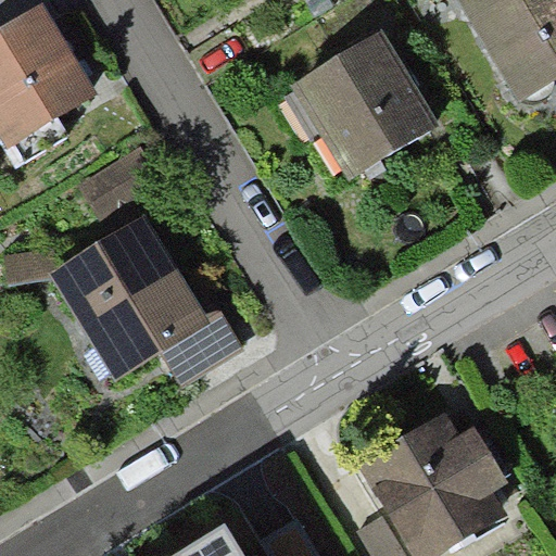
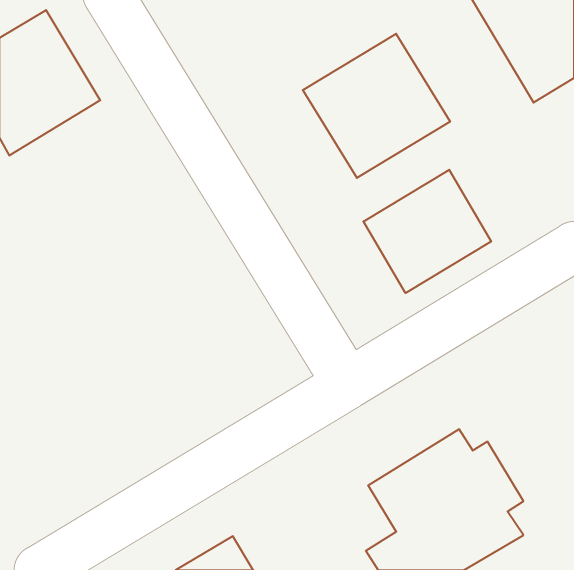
building: none -> [363,170,491,293]
building: [50,216,244,383] -> none

